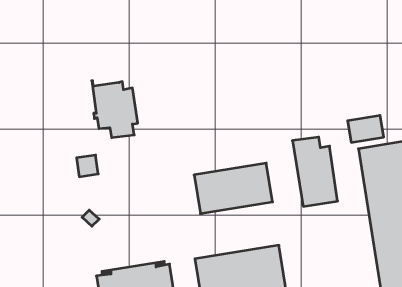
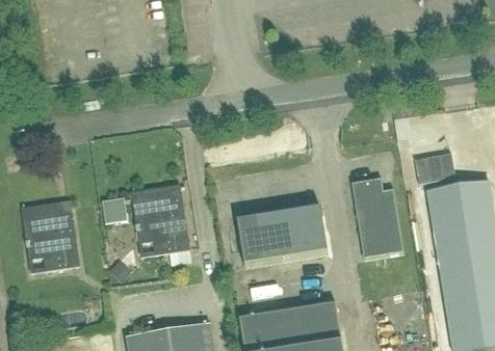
building: [92,81,138,138] -> [132,186,185,251]
building: none -> [22,201,77,268]

